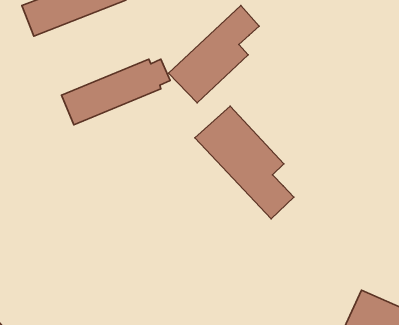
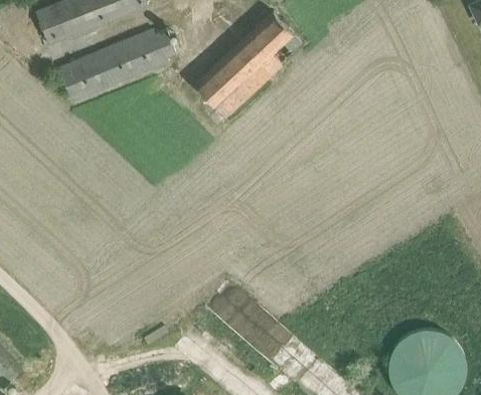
building: [62,59,170,125] -> [59,28,177,100]
building: [195,106,294,219] -> none

